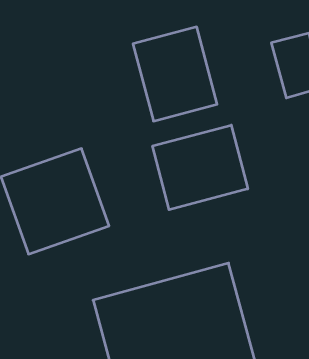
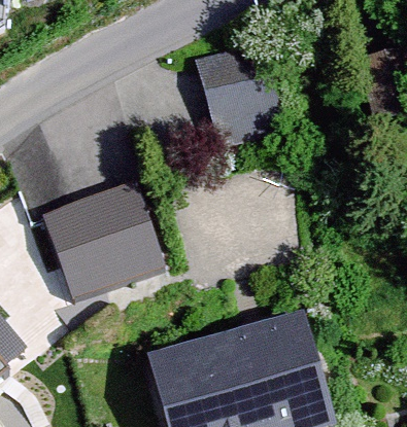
building: [153,125,248,210] -> none

